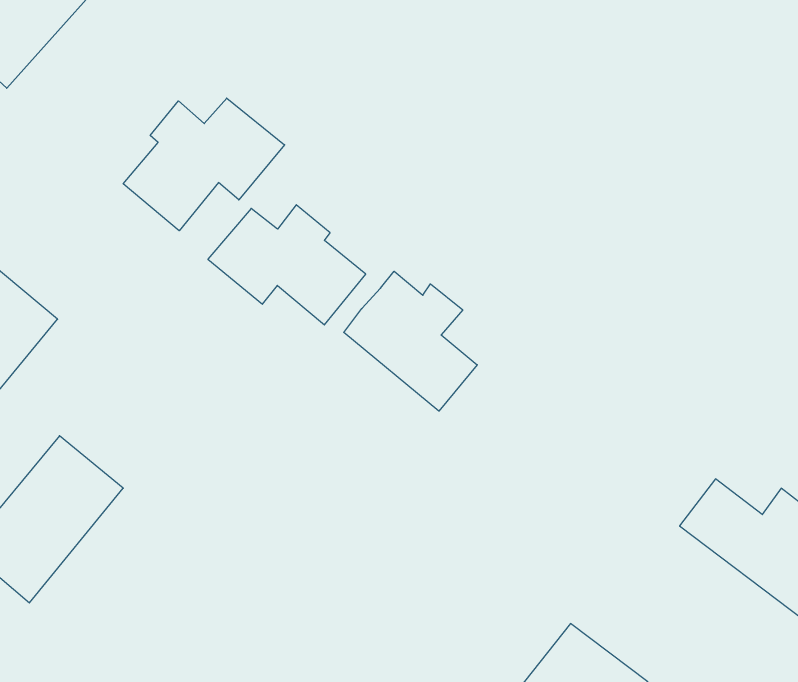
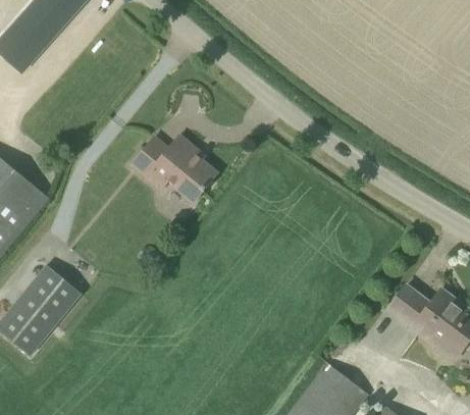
building: [123,98,285,231] -> none
building: [344,271,477,411] -> none

